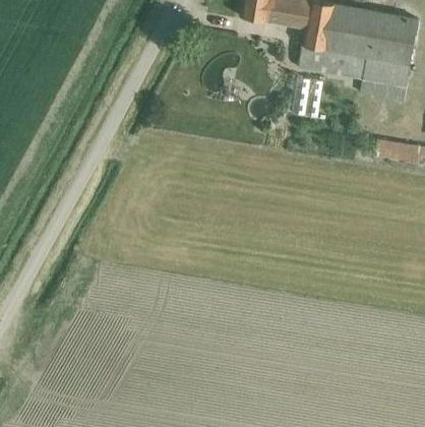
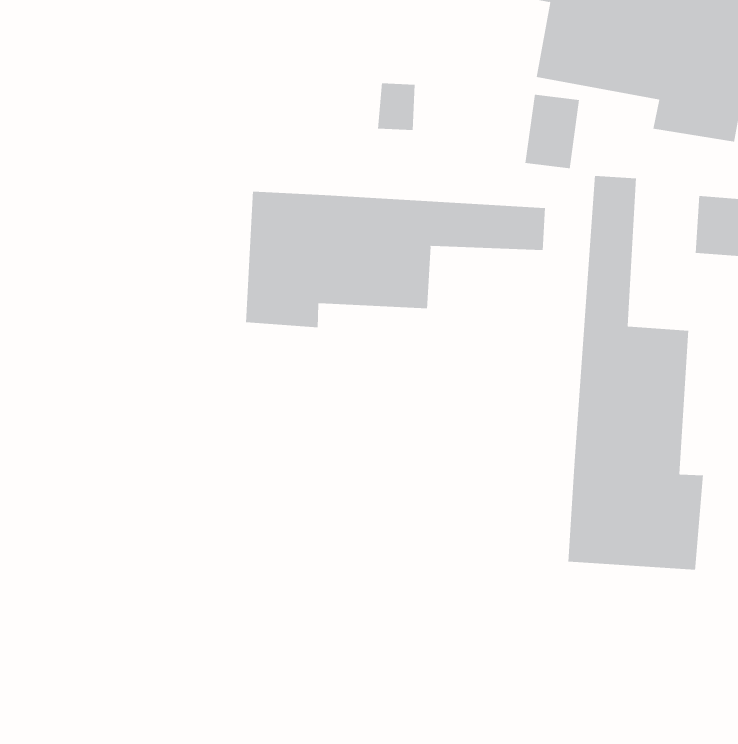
building: none -> [568,175,703,571]
building: none -> [245,191,545,328]

